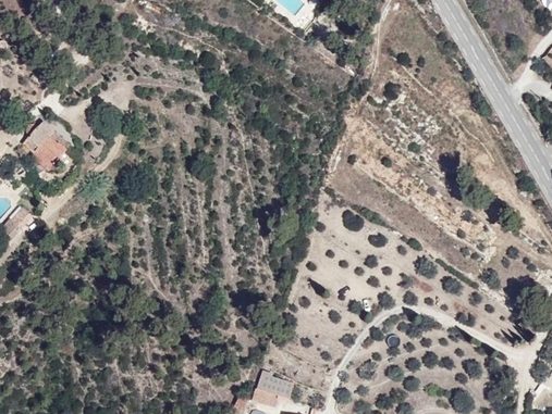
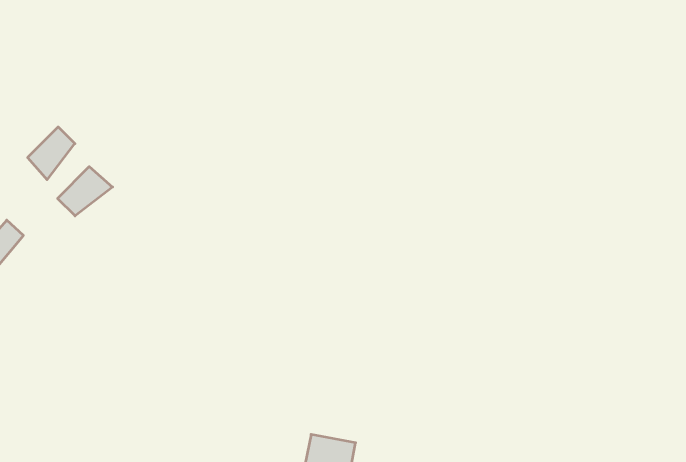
building: none -> [58,167,113,216]

